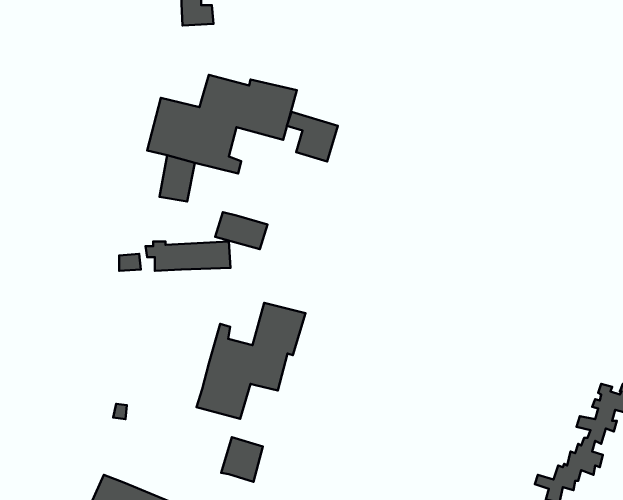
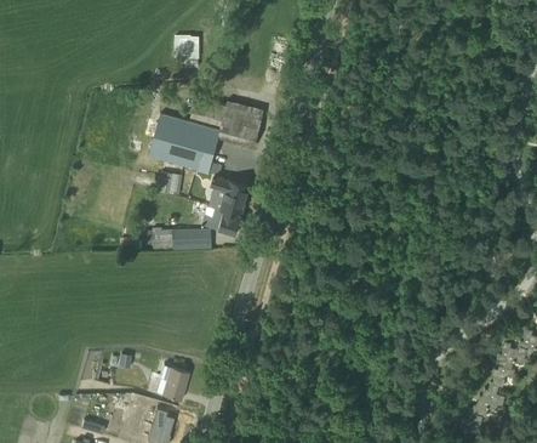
building: [287,112,338,161] -> [212,176,252,215]
building: [197,303,305,419] -> none
building: [221,437,263,482] -> [158,365,190,401]

